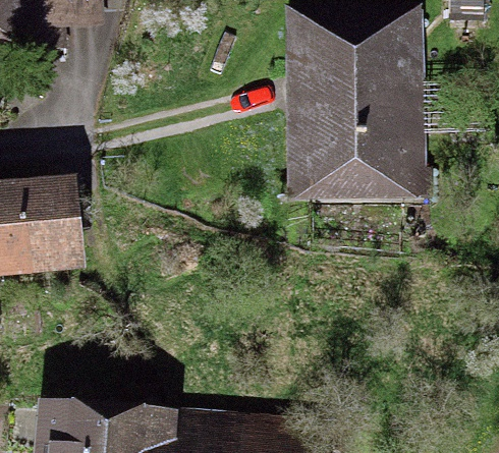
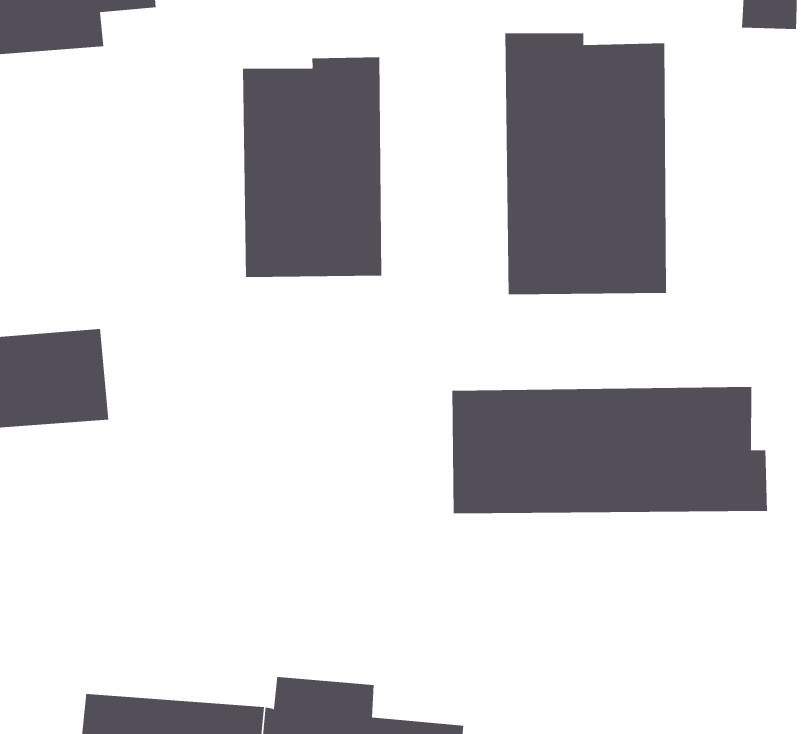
building: none -> [242,56,382,278]
building: none -> [452,386,767,514]

